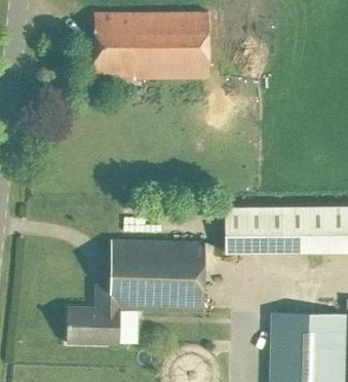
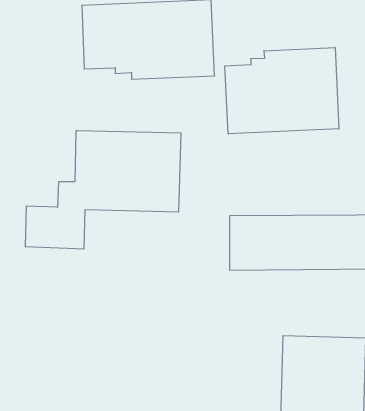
building: none -> [225,47,339,134]
building: [67,239,205,344] -> [25,131,181,249]

